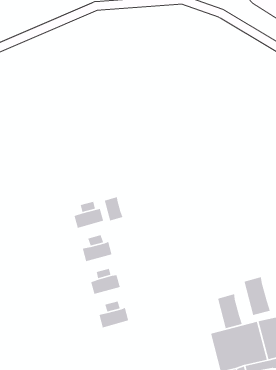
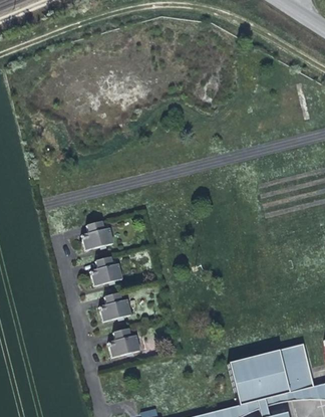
building: [104,196,123,221] -> none
building: [244,276,271,316] -> none
building: [217,293,243,329] -> none

